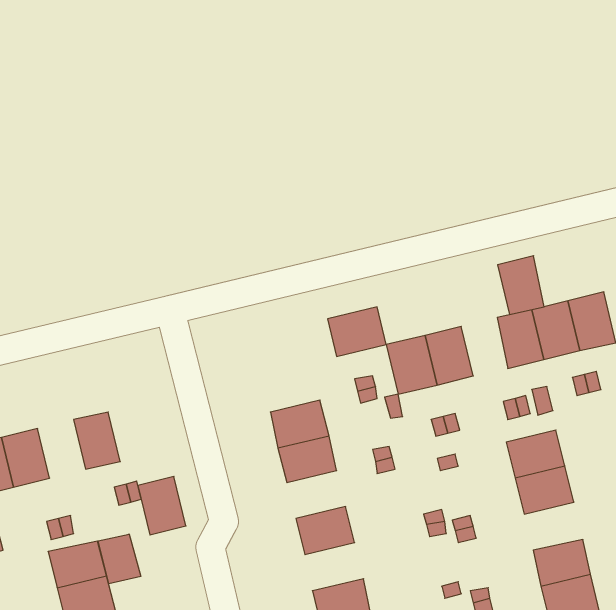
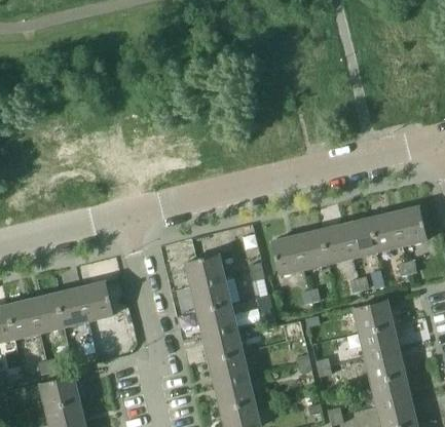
building: [498,256,544,314] -> [322,223,354,263]
building: [328,307,386,356] -> [185,254,225,287]
building: none -> [32,293,65,333]
building: none -> [202,327,243,360]
building: [138,476,186,535] -> [80,281,113,321]
building: none -> [365,349,405,382]
building: [98,534,141,584] -> none
building: none -> [215,377,255,410]

